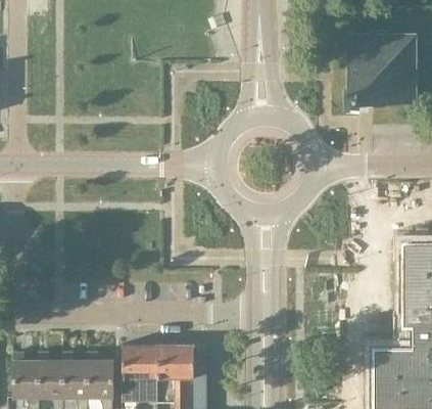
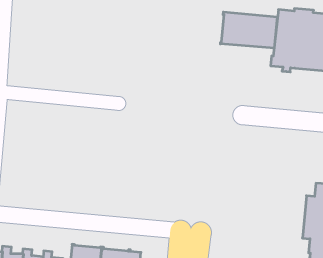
building: none -> [220,12,277,48]

